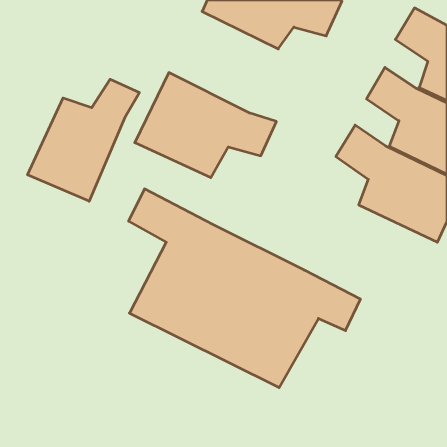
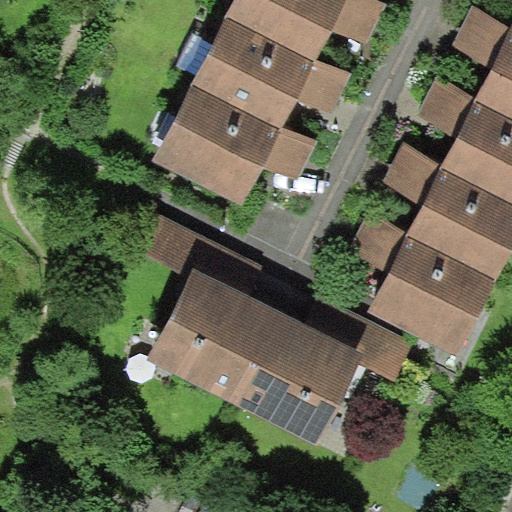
building: none -> [194,17,352,126]
building: [28,79,139,201] -> none
building: none -> [350,212,498,358]

